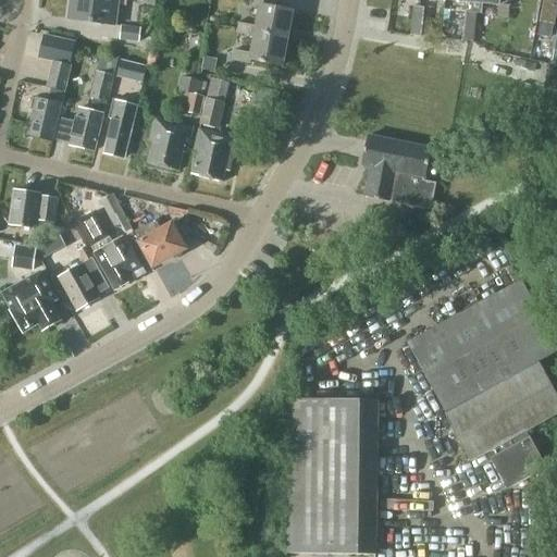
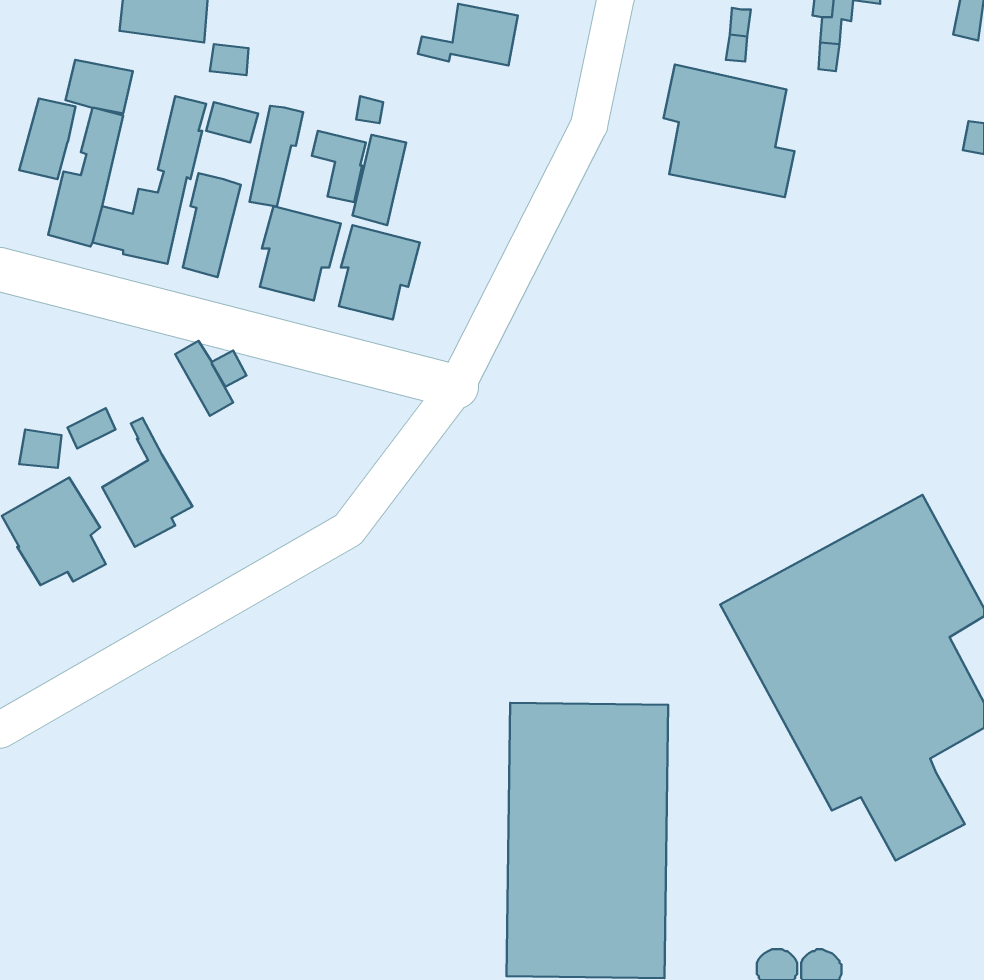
building: [231,30,287,64] -> none
building: none -> [19,98,75,179]
building: none -> [250,106,303,207]
building: [361,133,435,208] -> [663,64,794,197]
building: [9,188,57,226] -> none
building: [76,218,145,288] -> none
building: [133,218,184,264] -> none

